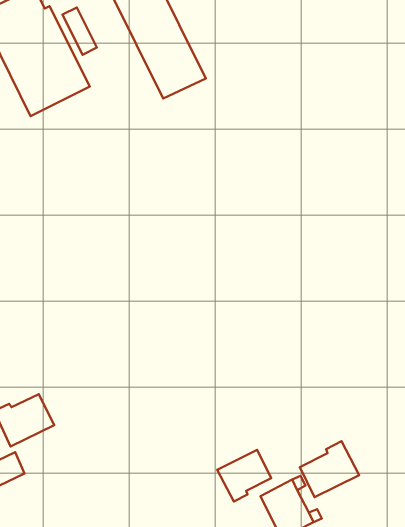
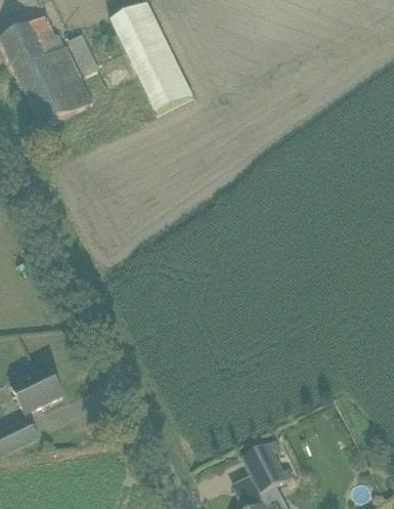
building: [300,441,359,497] -> none
building: [217,450,271,502] -> none

